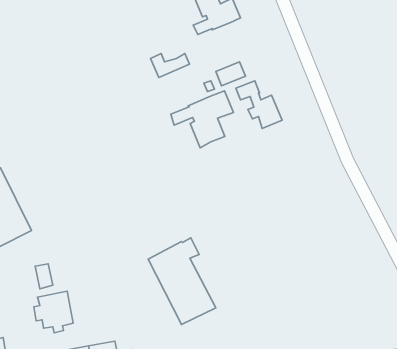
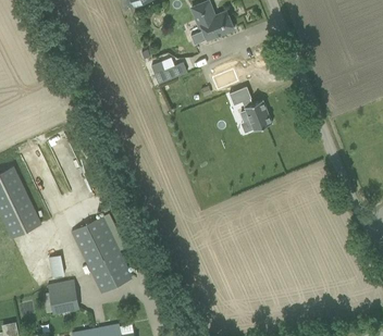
building: [171,91,234,148] -> none
building: [148,238,216,325] -> [71,213,133,293]

